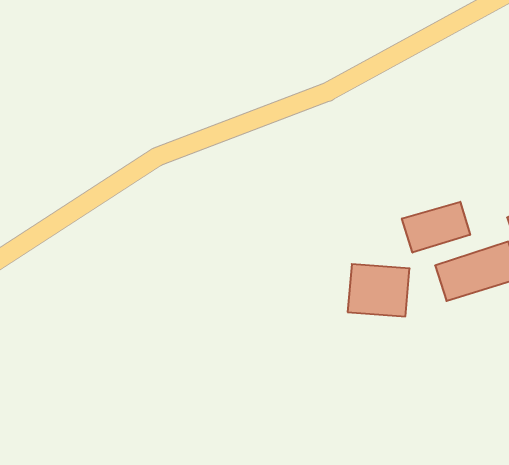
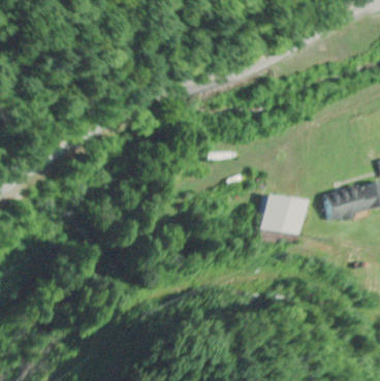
building: [402,202,470,253] -> none

